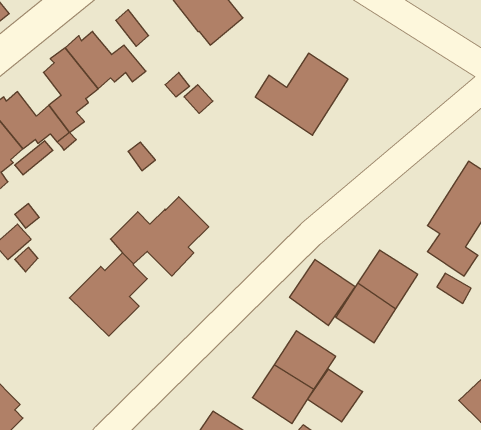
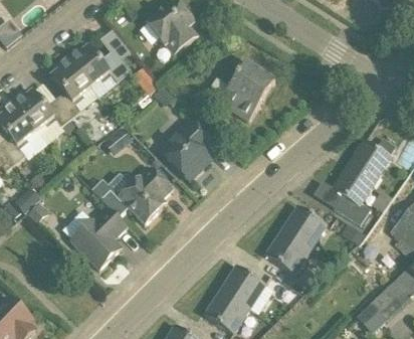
building: none -> [159,119,214,180]
building: [290,259,355,326] -> none
building: [307,369,363,422] -> none

